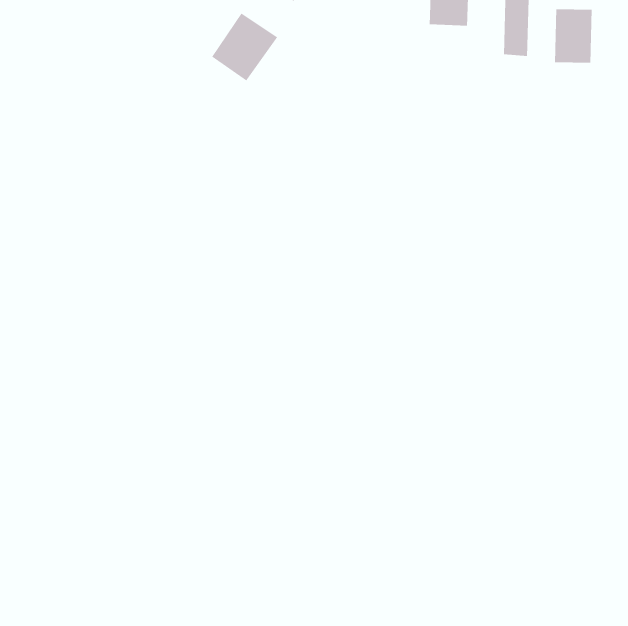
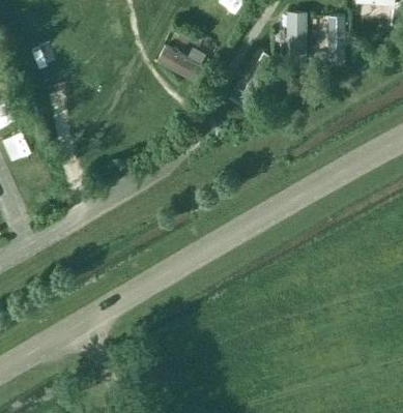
building: [554,8,593,63] -> none

